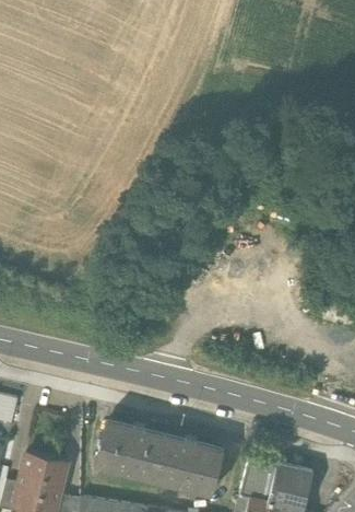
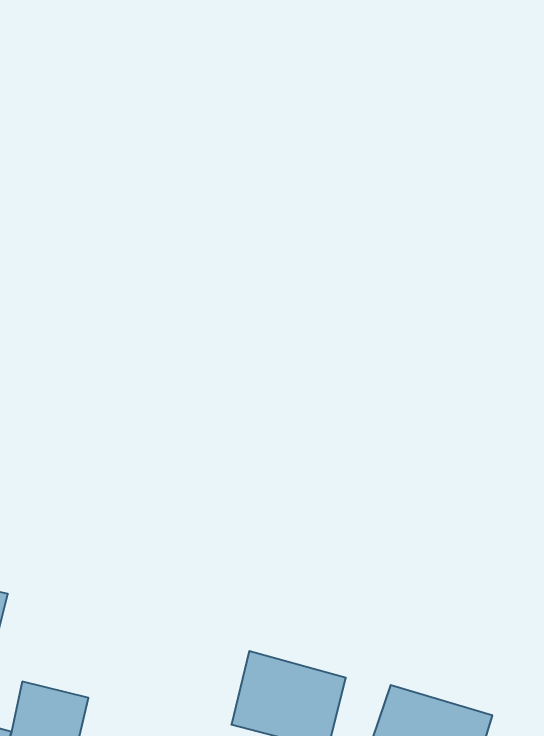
building: [95,420,165,480] -> none

